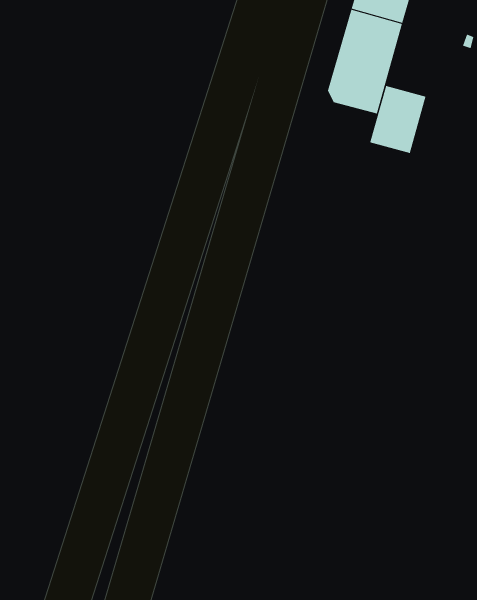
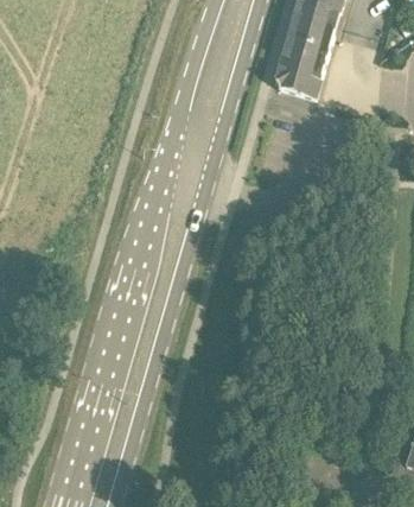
building: [370,85,426,154] -> none

